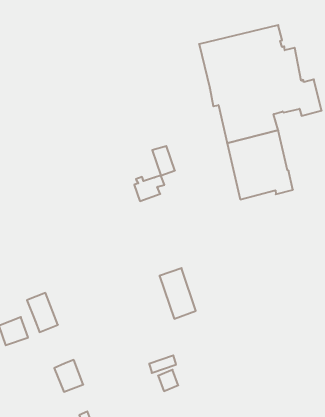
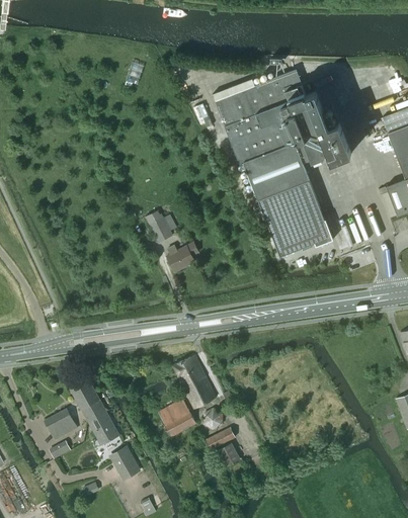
building: [152,146,175,175] -> [146,210,172,242]
building: [159,268,196,319] -> [173,354,216,408]
building: none -> [159,399,195,436]
building: none -> [88,411,119,445]

